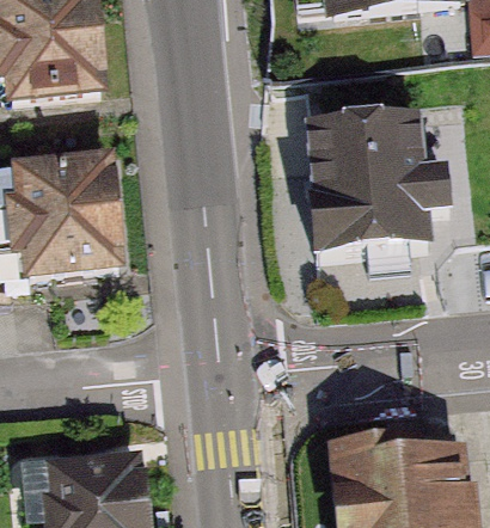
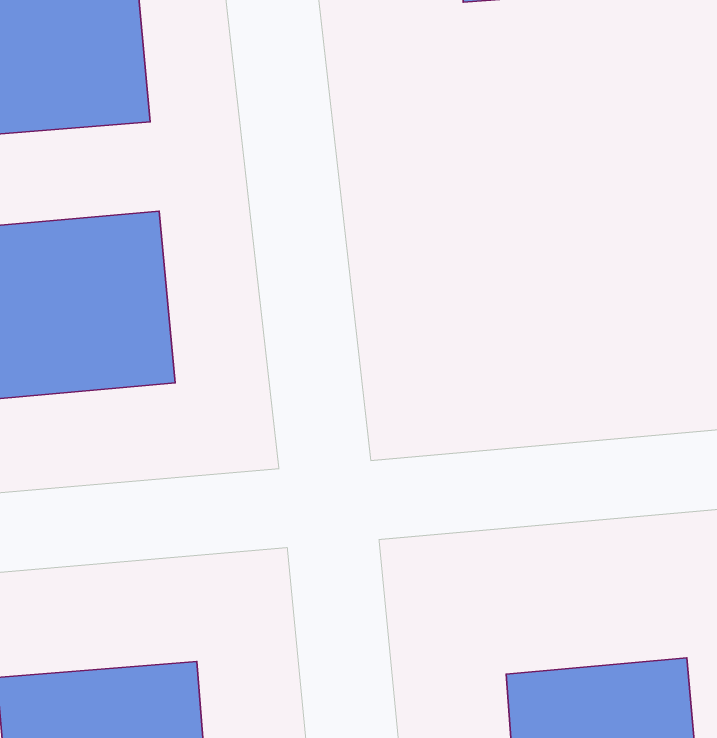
building: [308,127,459,260] -> none

